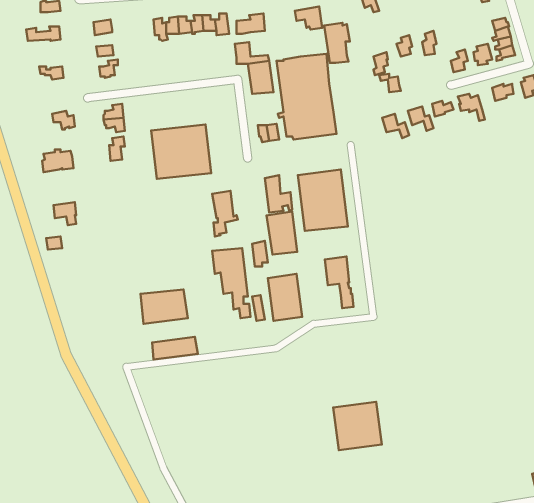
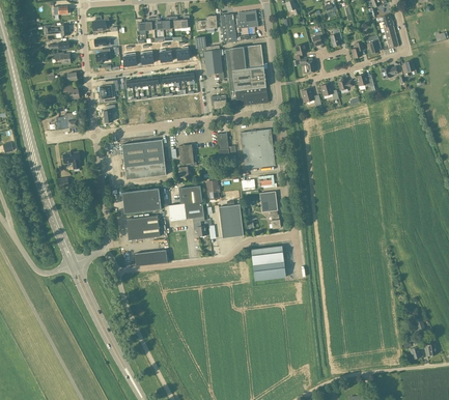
building: [324,23,350,63] -> [220,12,238,41]
building: [151,125,211,179] -> [122,139,166,178]
building: [267,211,297,254] -> none
building: none -> [122,187,162,212]
building: [333,402,382,450] -> [251,245,286,280]

